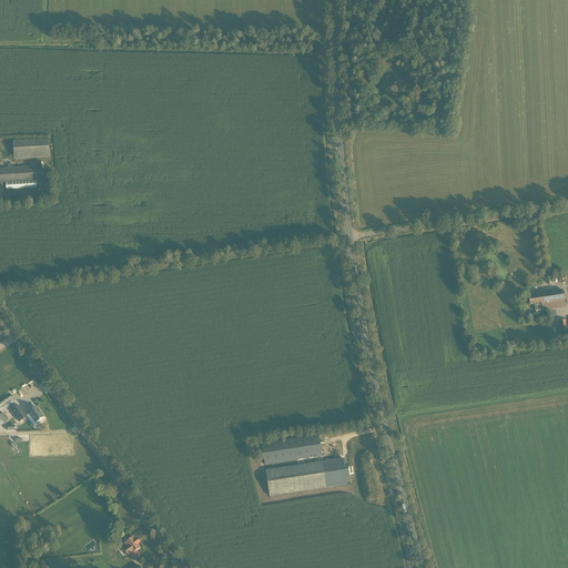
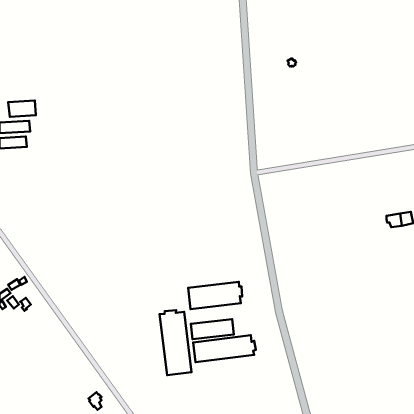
building: none -> [188,282,242,309]
building: none -> [160,310,191,375]

